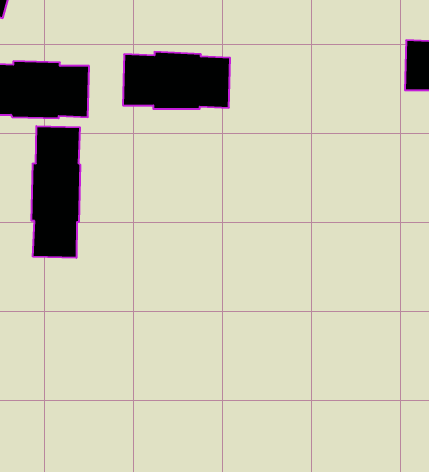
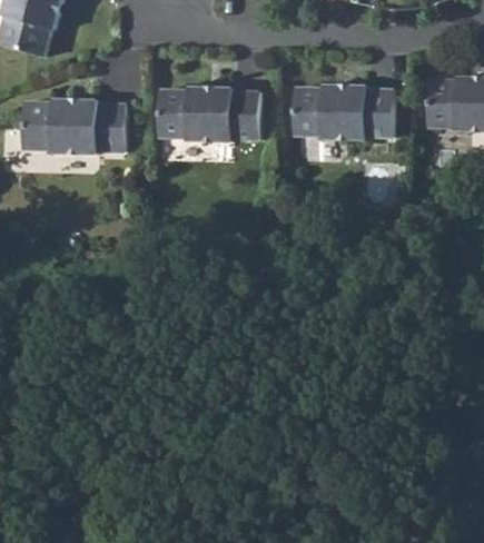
building: none -> [294,82,395,137]
building: [31,126,80,258] -> none

